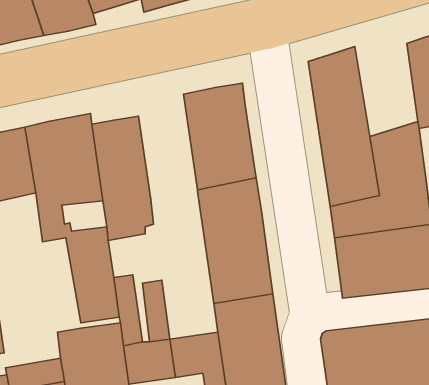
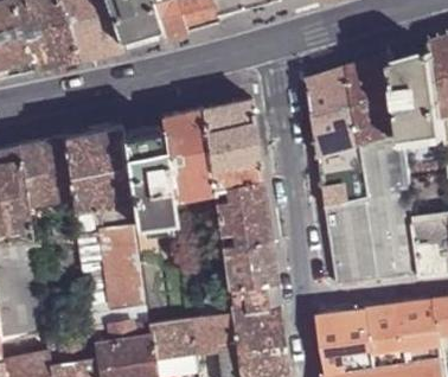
building: none -> [347,56,402,147]
building: none -> [159,110,211,202]

